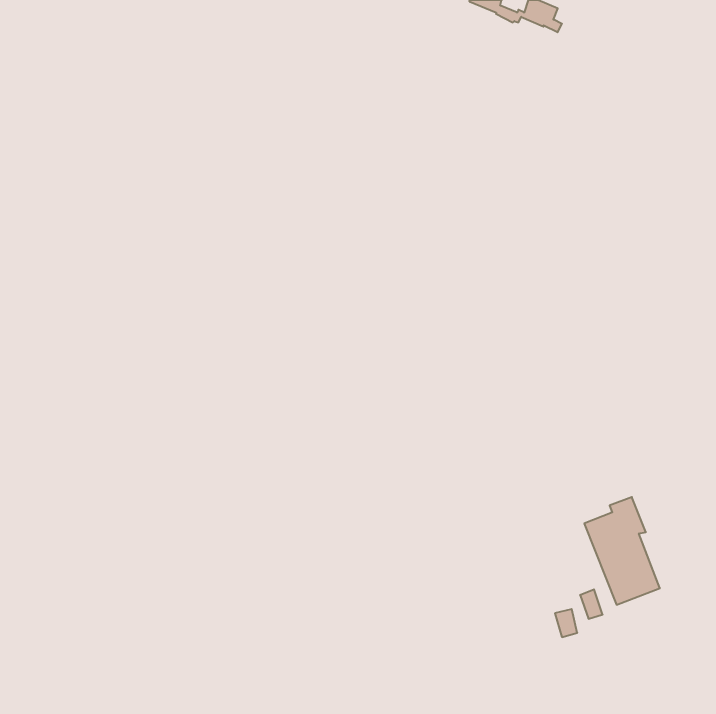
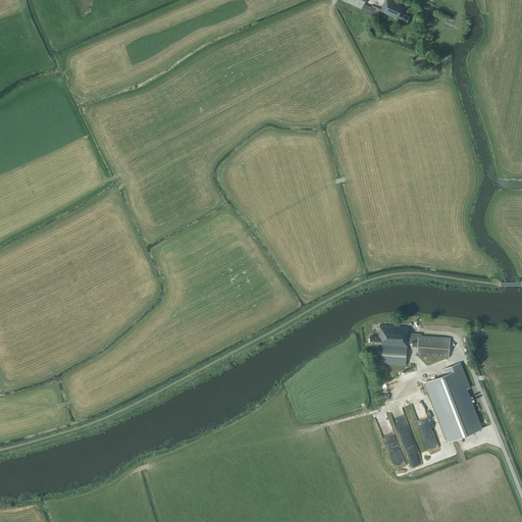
building: none -> [370,326,450,366]

